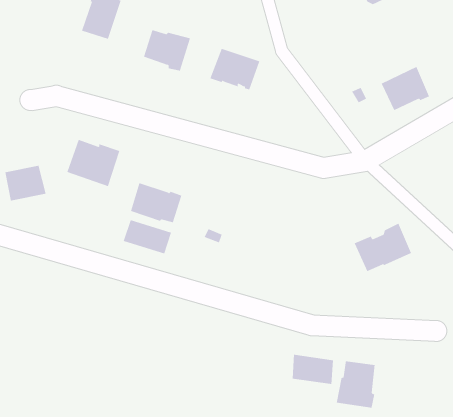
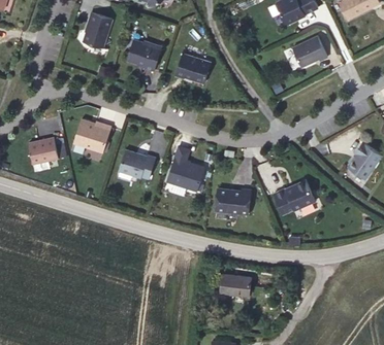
building: [381,66,430,111] -> [294,34,329,66]
building: [123,220,172,254] -> [167,159,202,183]
building: none -> [213,188,249,214]
building: [336,360,375,408] -> none

